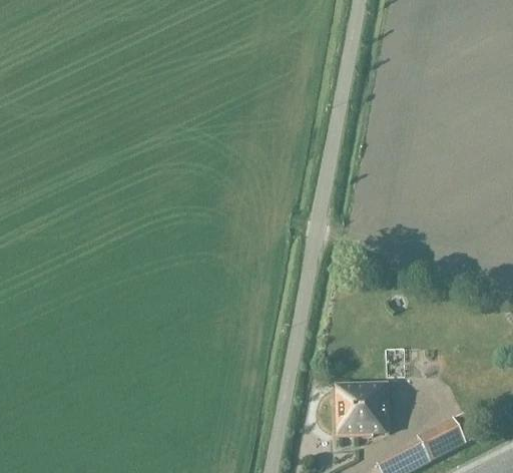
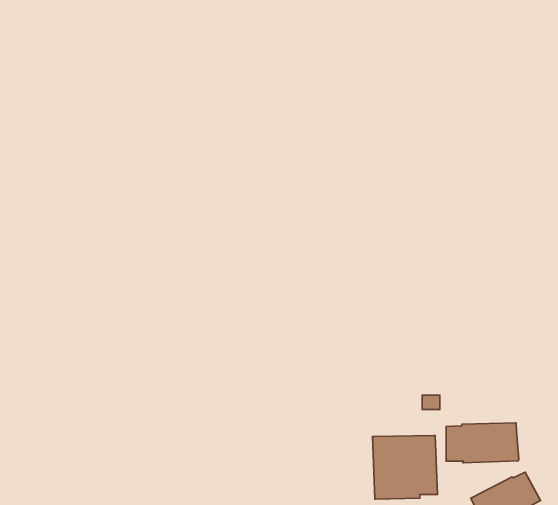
building: none -> [446,423,519,463]

